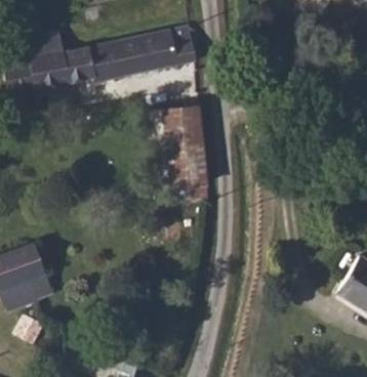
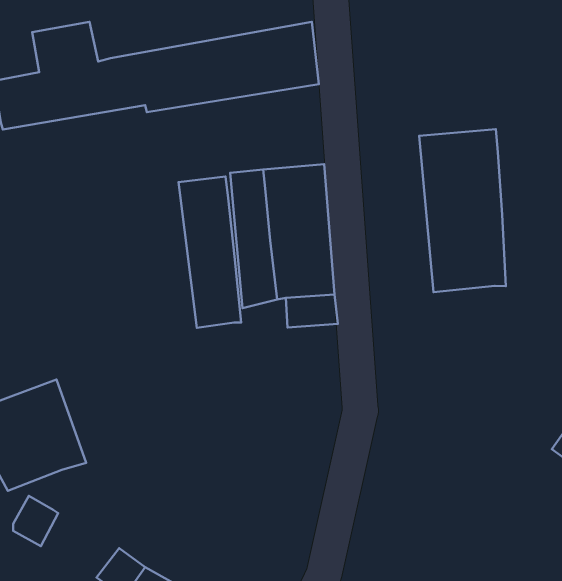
building: none -> [419,129,506,292]
building: none -> [179,177,241,328]

